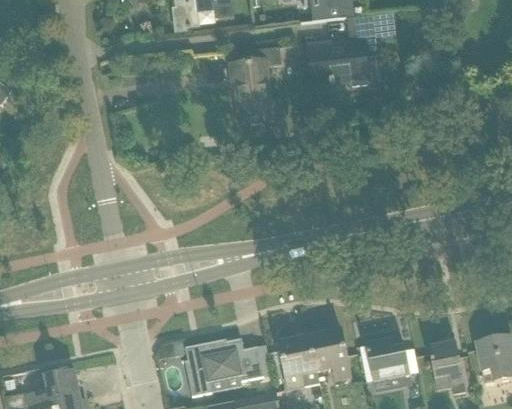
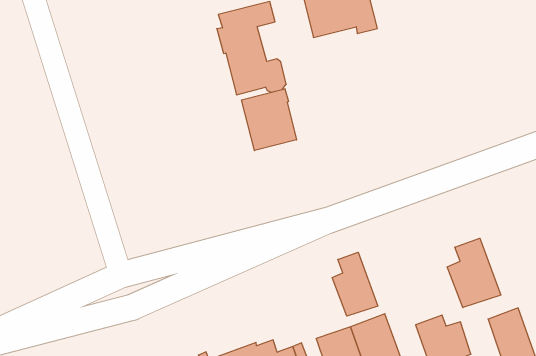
building: none -> [242,89,296,151]
building: none -> [332,252,378,316]
building: none -> [447,238,501,308]

